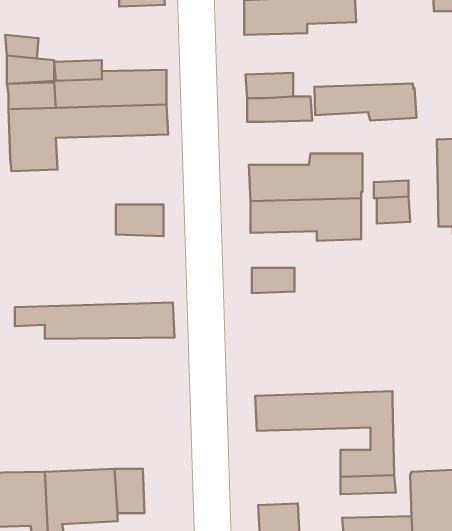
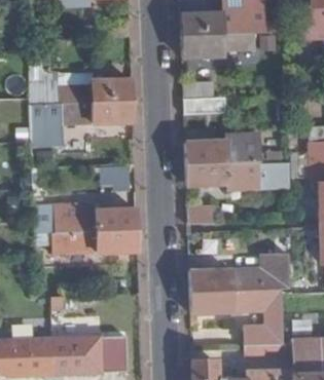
building: [315,83,416,121] -> none
building: none -> [33,203,137,233]
building: none -> [190,254,289,291]

